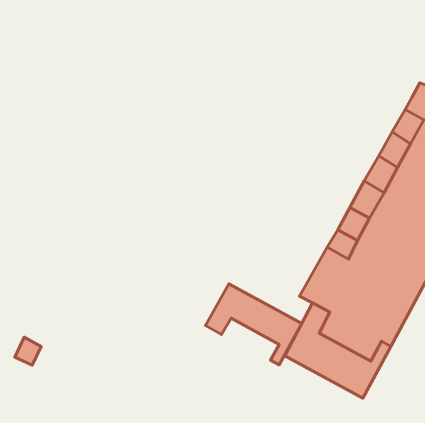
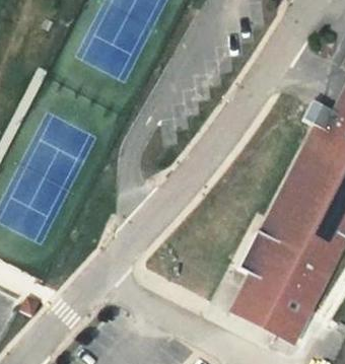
building: [205,284,302,365] -> none

